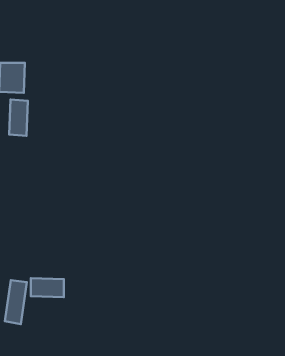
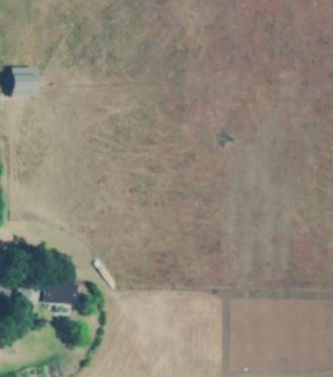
building: [9,100,28,136] -> none

